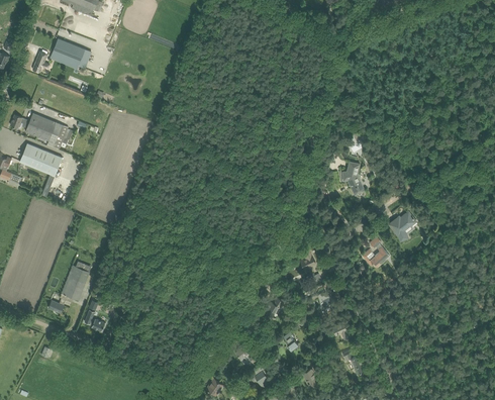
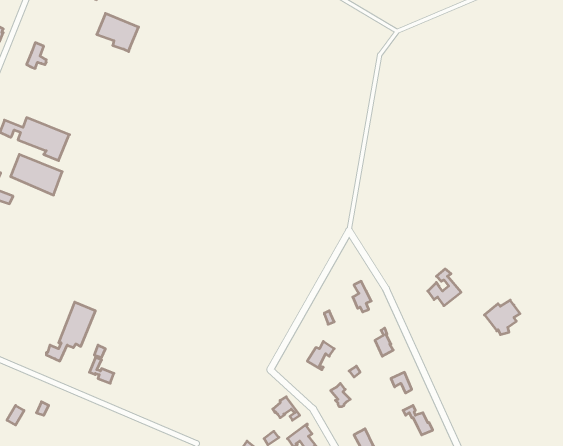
building: [51,38,85,70] -> [97,13,139,52]
building: [342,162,364,195] -> none
building: [387,212,416,240] -> [484,300,520,335]

